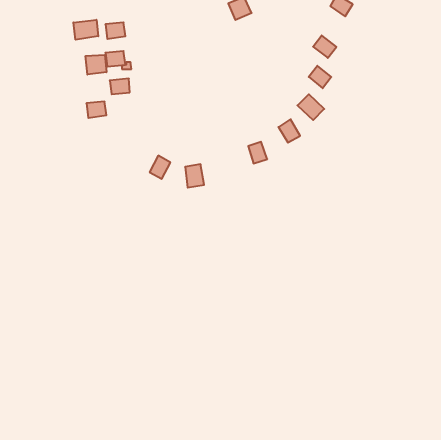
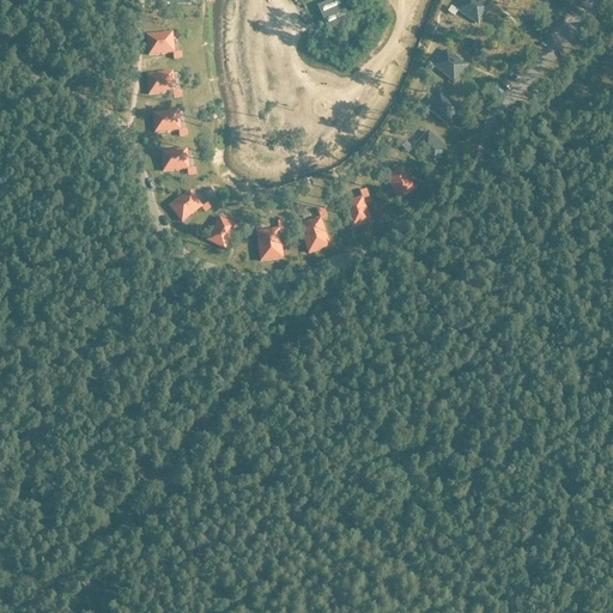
building: [73,20,98,40] -> none
building: [86,55,106,75] -> none
building: [86,102,106,118] -> [162,147,189,170]
building: none -> [170,189,202,220]
building: none -> [299,217,330,251]

